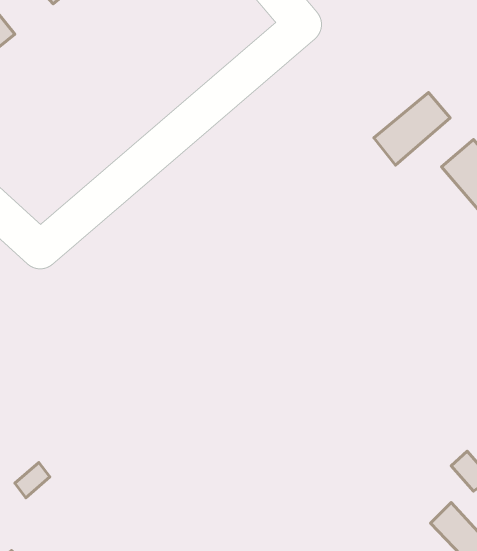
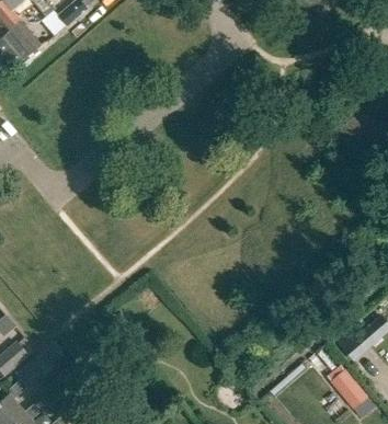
building: [374,93,450,165] -> none

